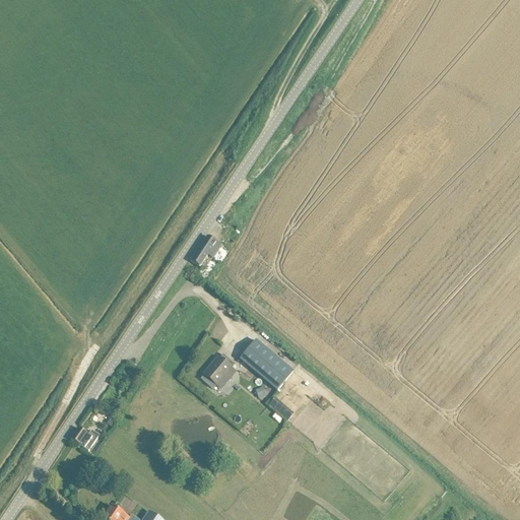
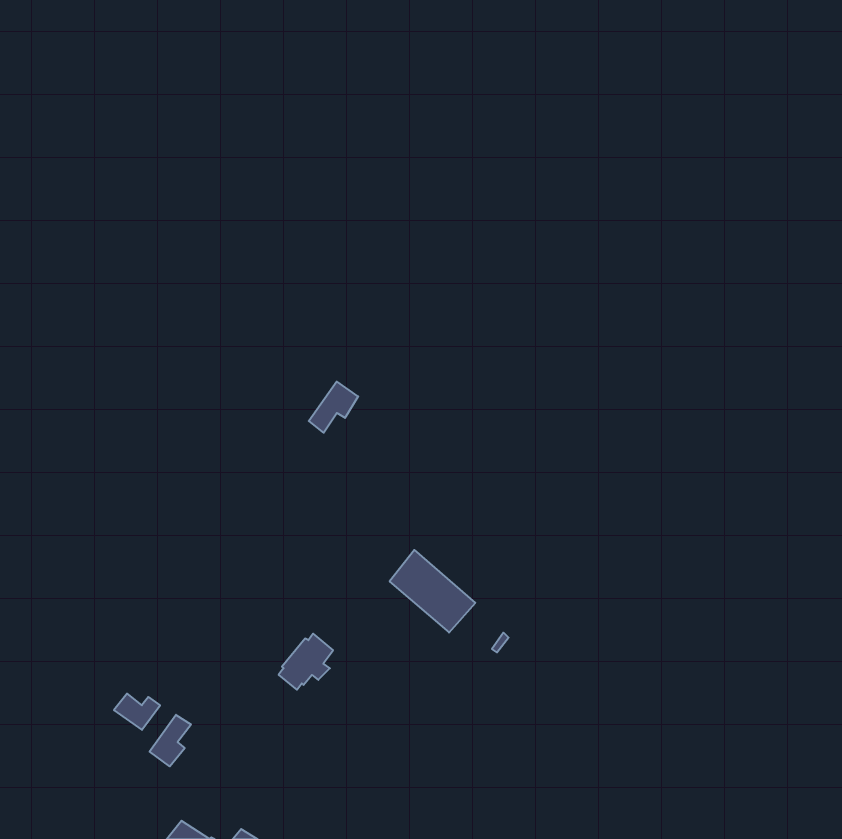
building: [202,352,236,387] -> [279,634,333,690]
building: none -> [150,715,191,766]

